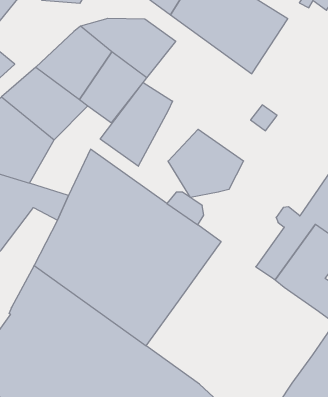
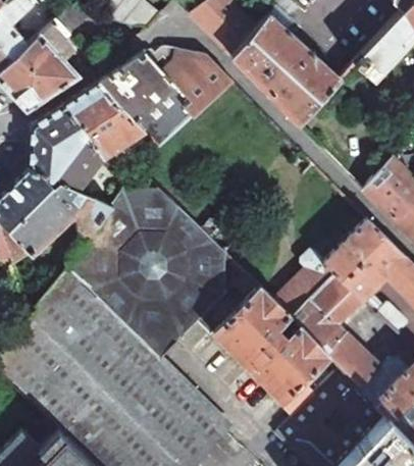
building: [100,82,173,166] -> none
building: [168,129,244,197] -> none
building: none -> [198,290,327,419]

